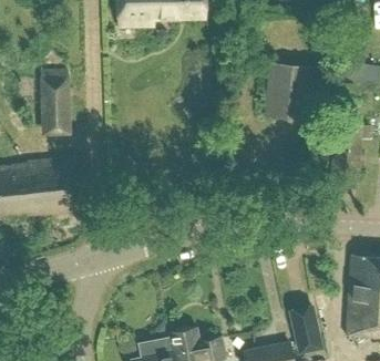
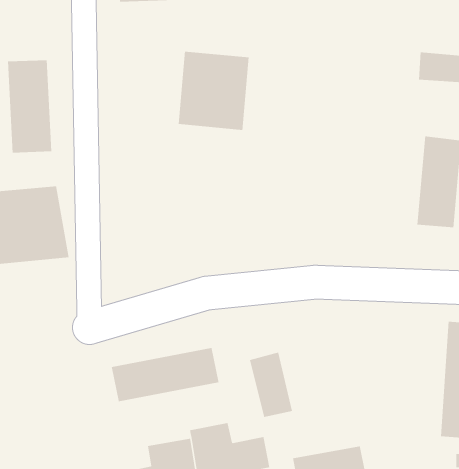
building: [264,63,315,120] -> [178,51,249,130]
building: none -> [111,347,219,402]
building: [290,305,321,351] -> [249,352,293,417]

